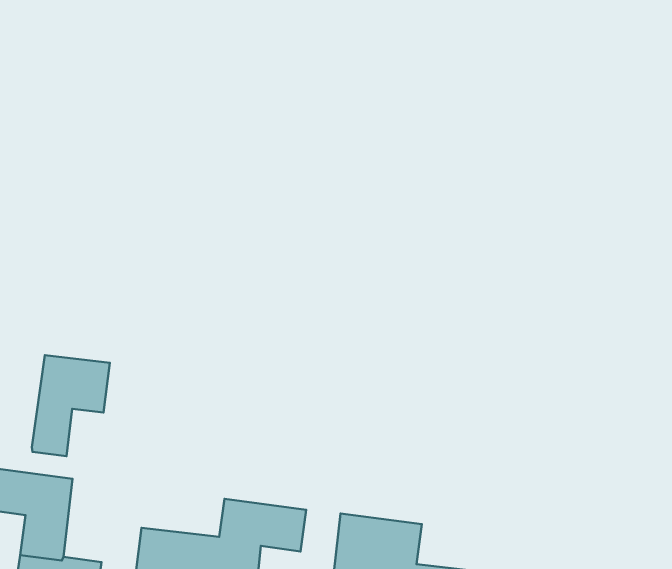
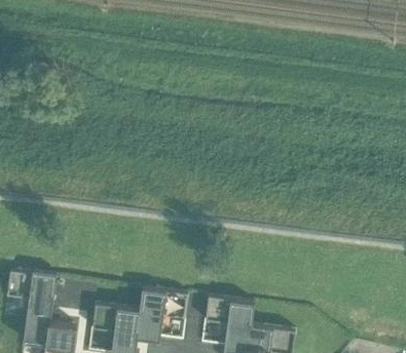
building: [32,355,110,456] -> none

